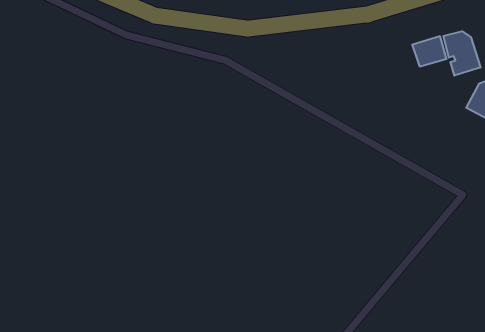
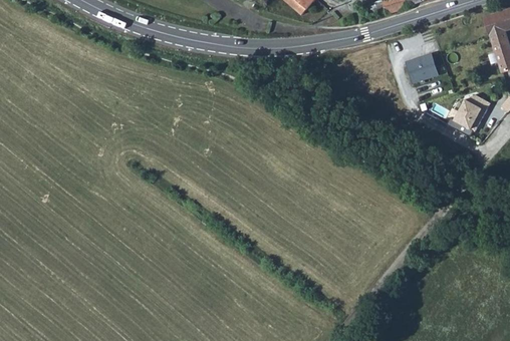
building: [444,31,481,76] -> none

